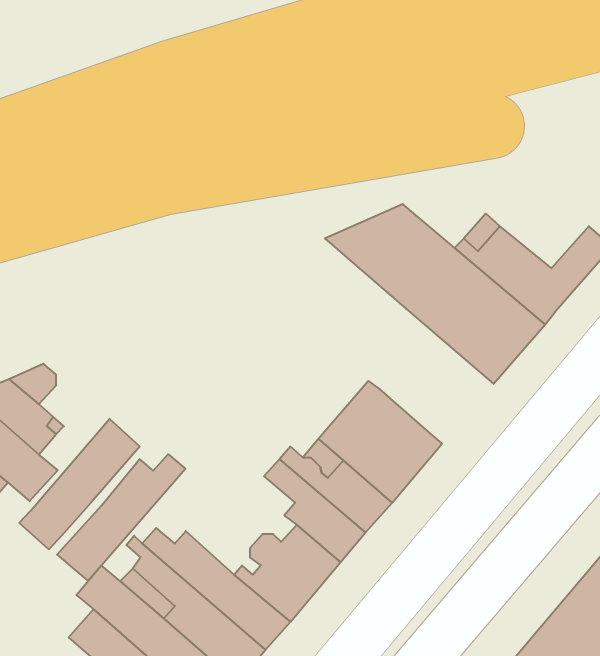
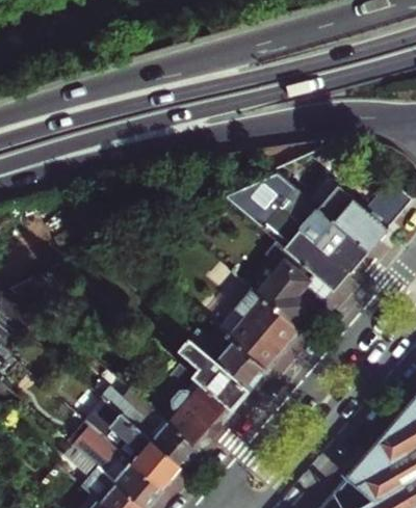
building: none -> [258,242,334,325]
building: [19,419,140,549] -> none
building: [57,454,185,581] -> none

